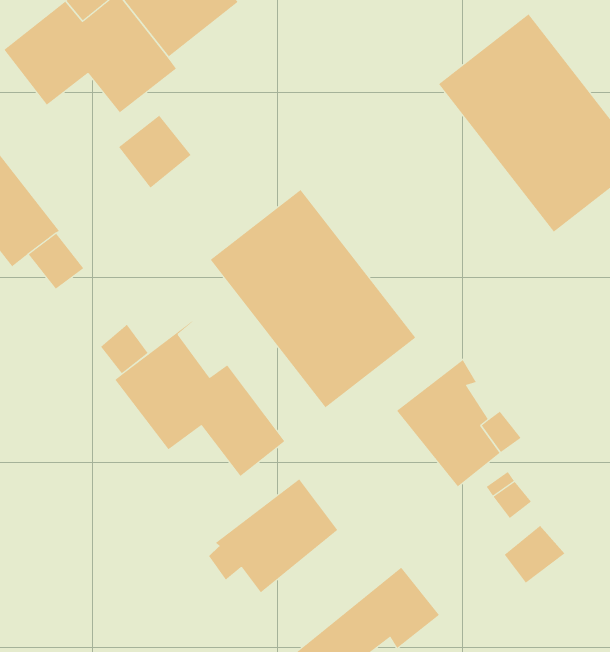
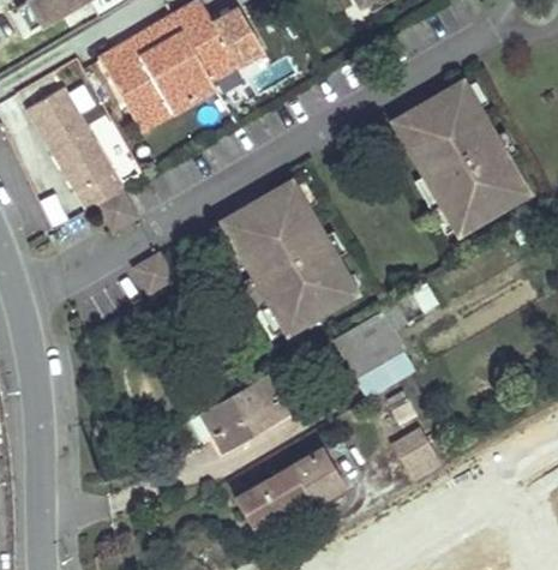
building: [118,115,191,189] -> [125,84,174,133]
building: [115,320,285,477] -> none

